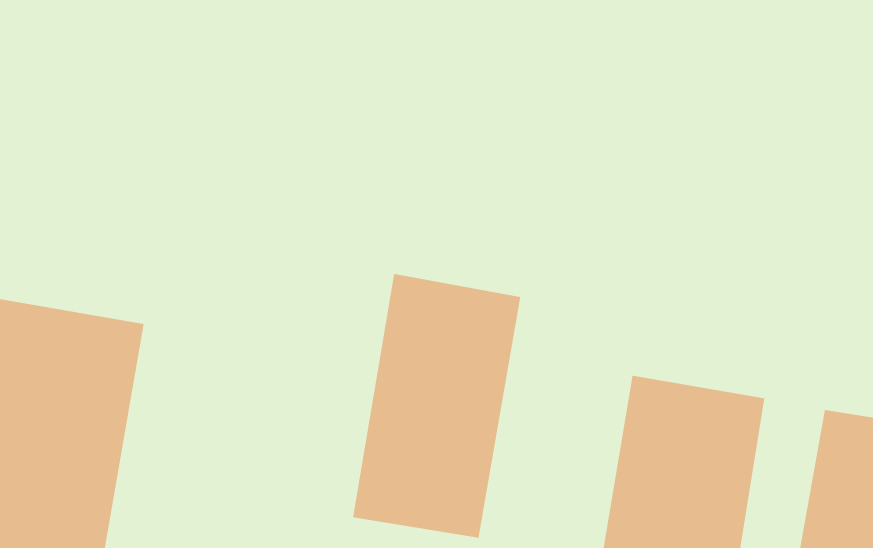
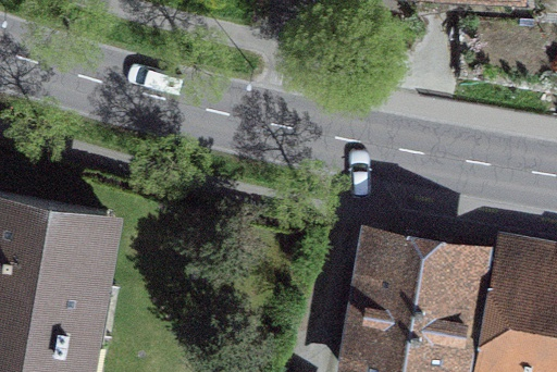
building: [353,273,521,539] -> none

